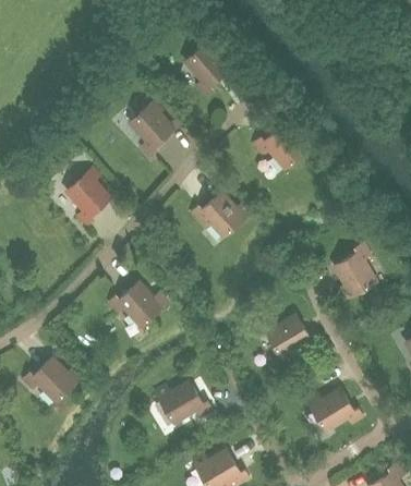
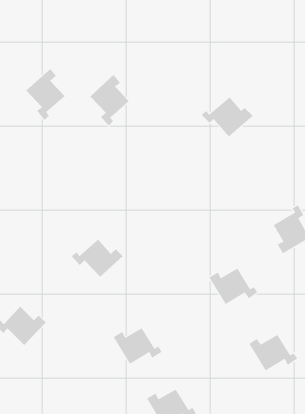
building: [185,38,230,96] -> none
building: [67,167,111,226] -> [26,68,66,121]
building: [192,193,251,236] -> none

